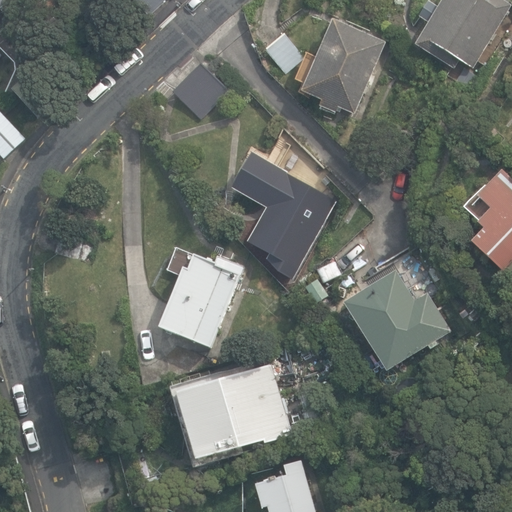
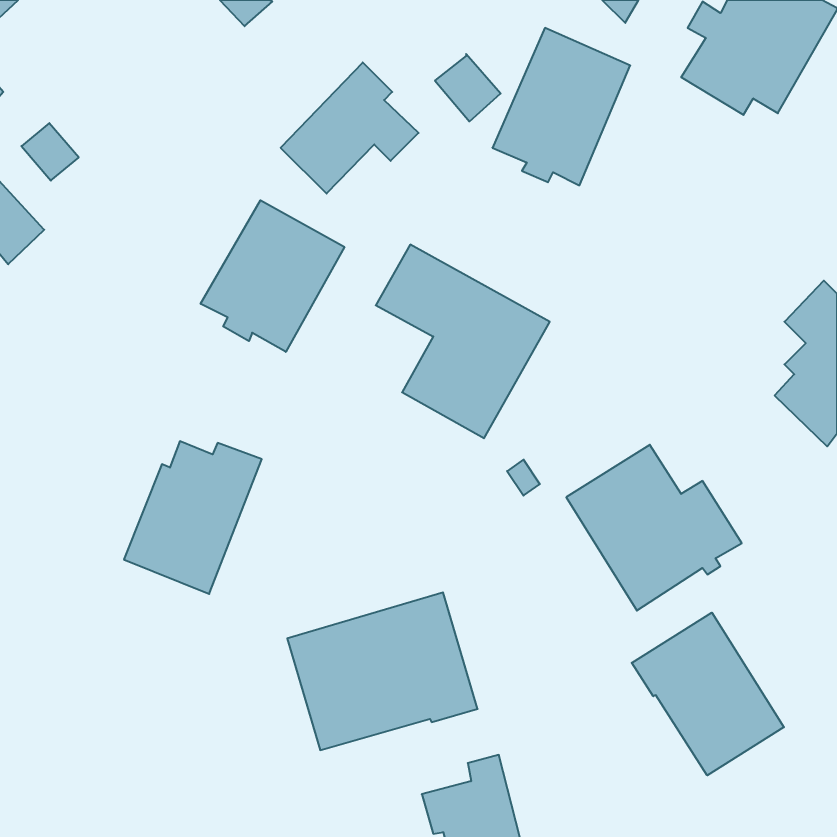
building: none -> [201,200,344,352]
building: [158,253,242,346] -> [124,441,262,594]
building: none -> [632,613,784,775]

